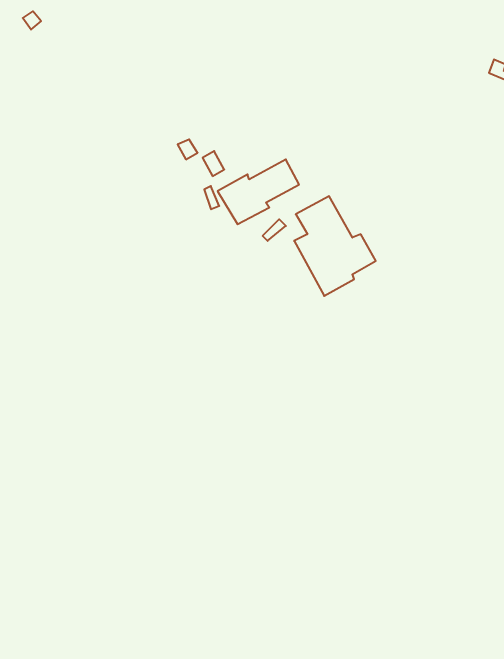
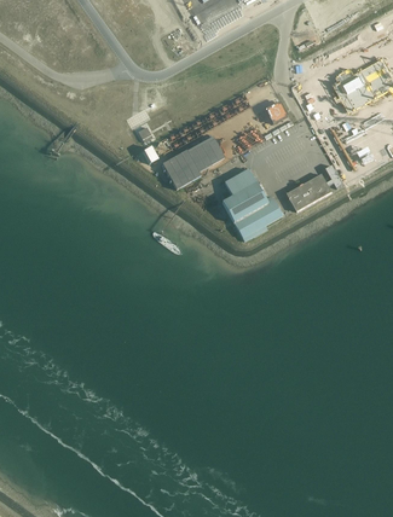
building: none -> [285,163,342,210]

